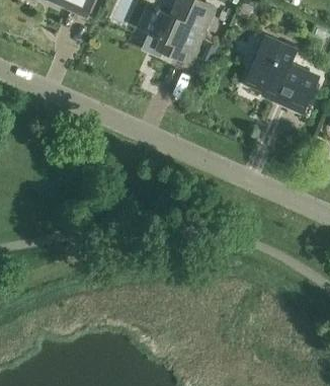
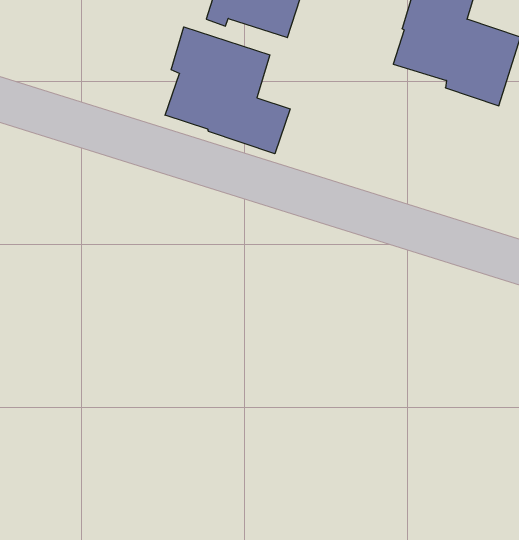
building: none -> [165,27,290,154]

